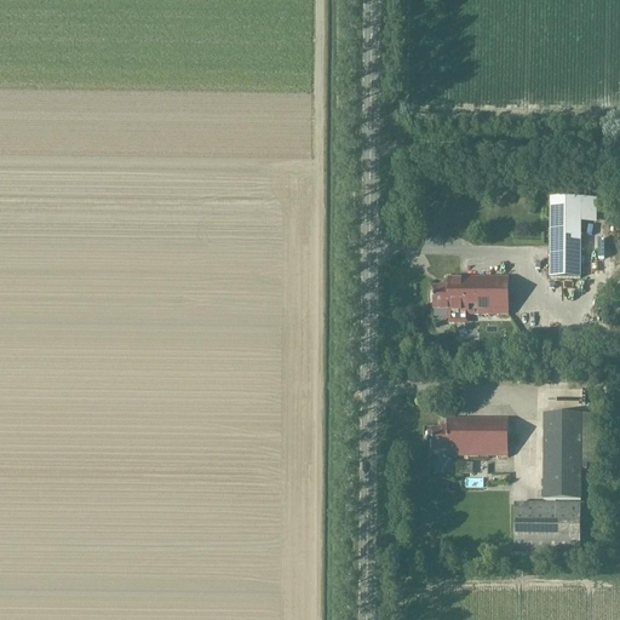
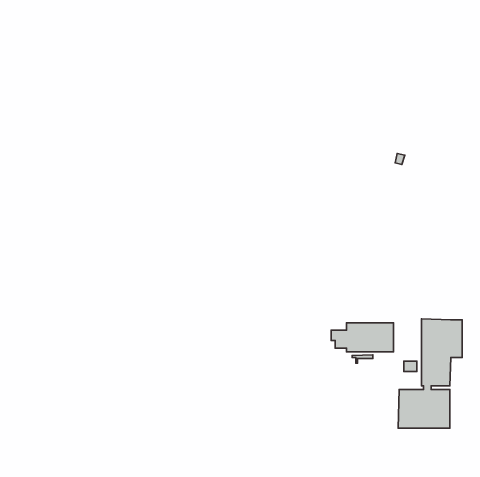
building: [549,194,580,275] -> none
building: [432,274,507,311] -> none

